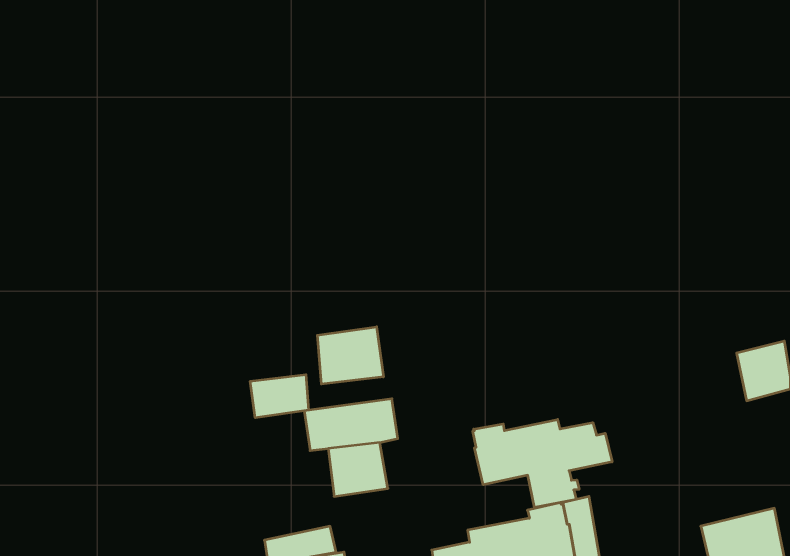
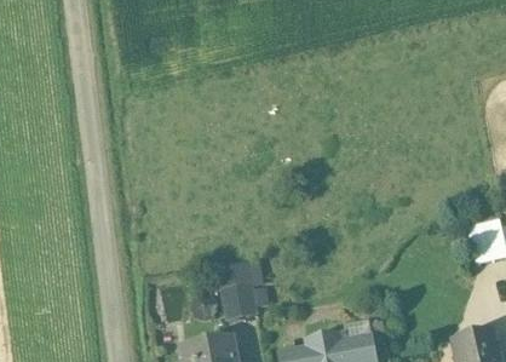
building: [317,327,383,384] -> none
building: [250,375,309,418] -> none
building: [473,419,612,508] -> none

